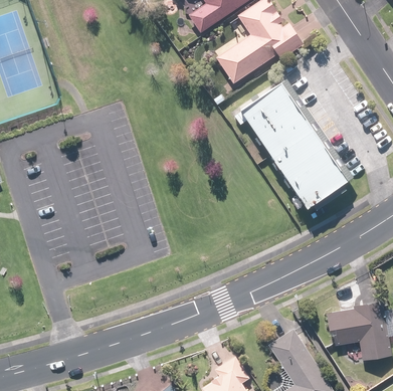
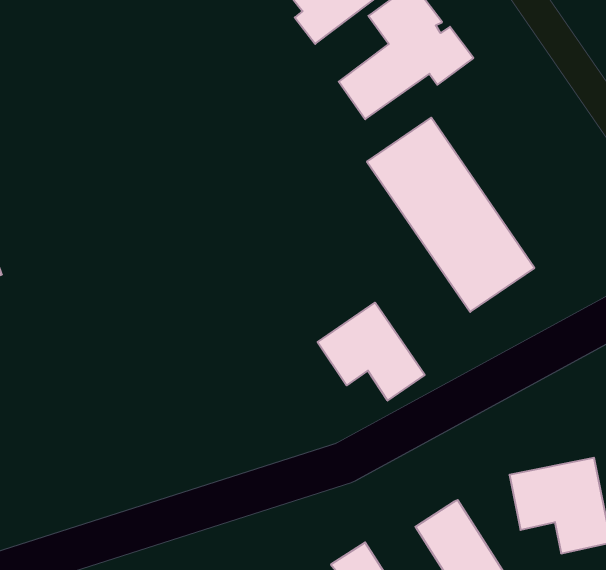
building: none -> [318,303,425,401]

